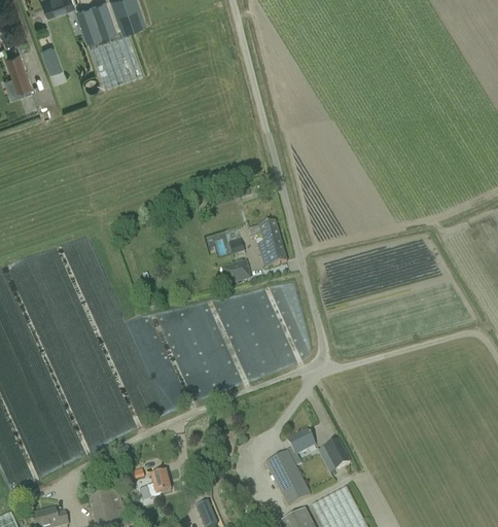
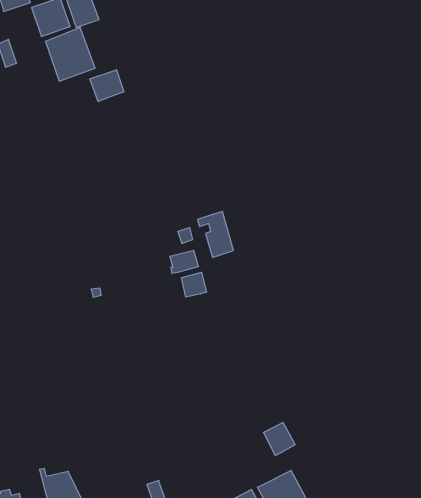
building: none -> [90,70,124,102]
building: none -> [182,272,207,297]
building: [264,428,314,505] -> none
building: [146,470,170,498] -> none

